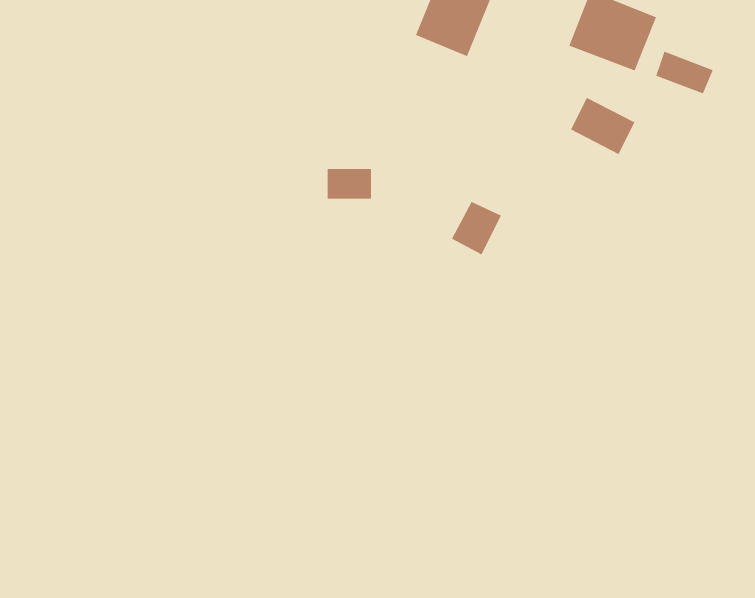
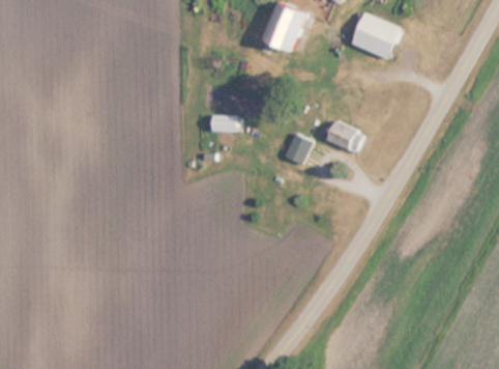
building: [655,51,714,94] -> none
building: [570,97,635,155] -> [326,120,363,153]

